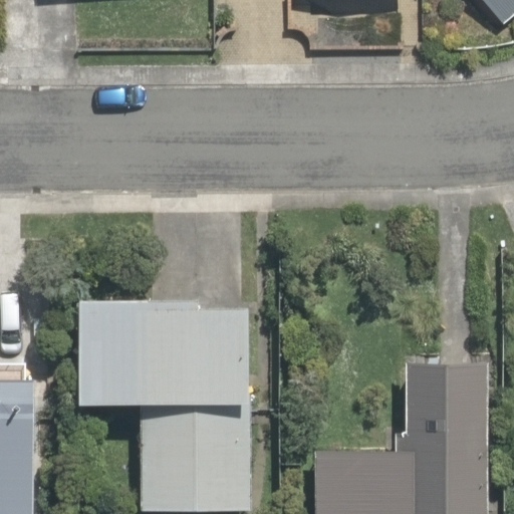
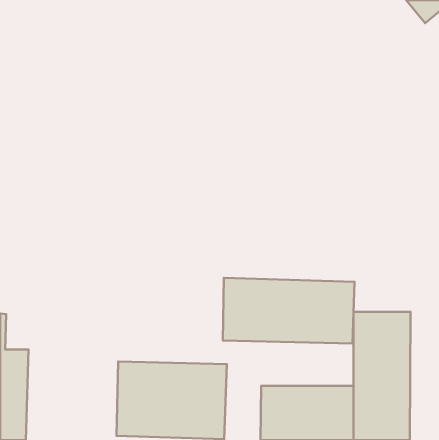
building: [77,300,249,408] -> none
building: none -> [223,278,355,344]

